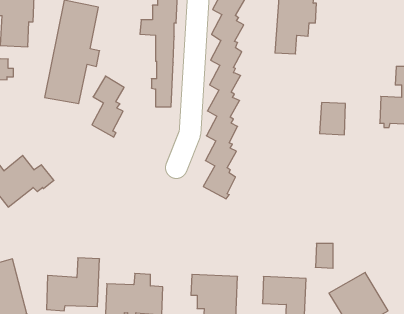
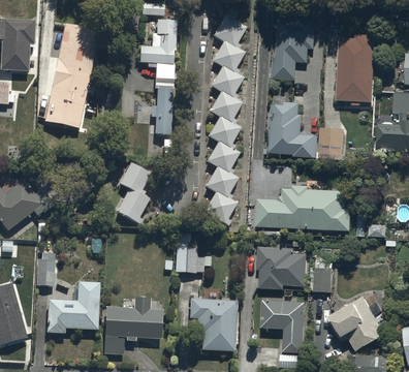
building: none -> [337,34,376,104]
building: [92,76,124,137] -> [118,163,150,224]
building: none -> [270,101,317,157]
building: none -> [256,185,351,230]
building: none -> [175,237,210,273]
building: none -> [257,246,307,288]
building: none -> [36,252,54,286]

